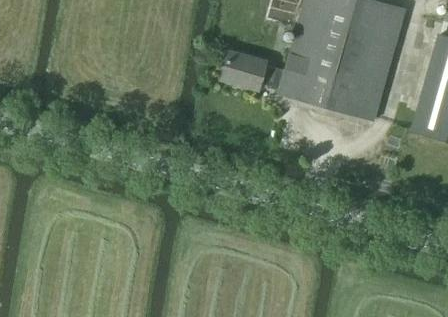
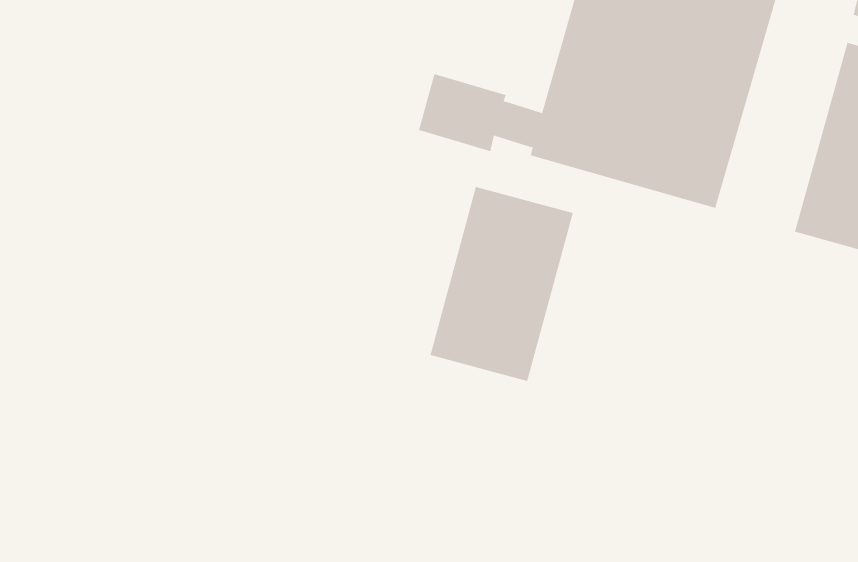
building: none -> [430,186,573,382]

